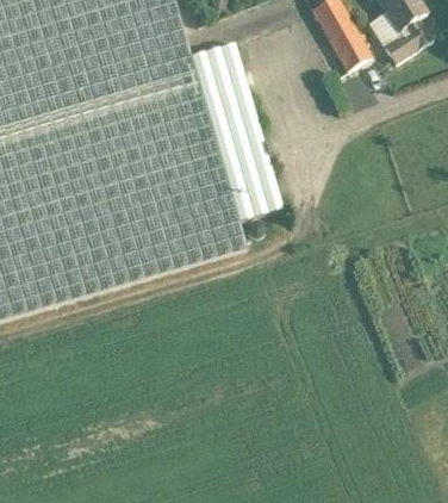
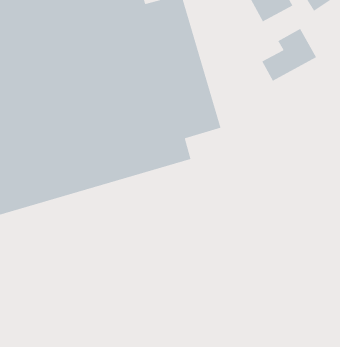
building: none -> [261,28,317,82]

